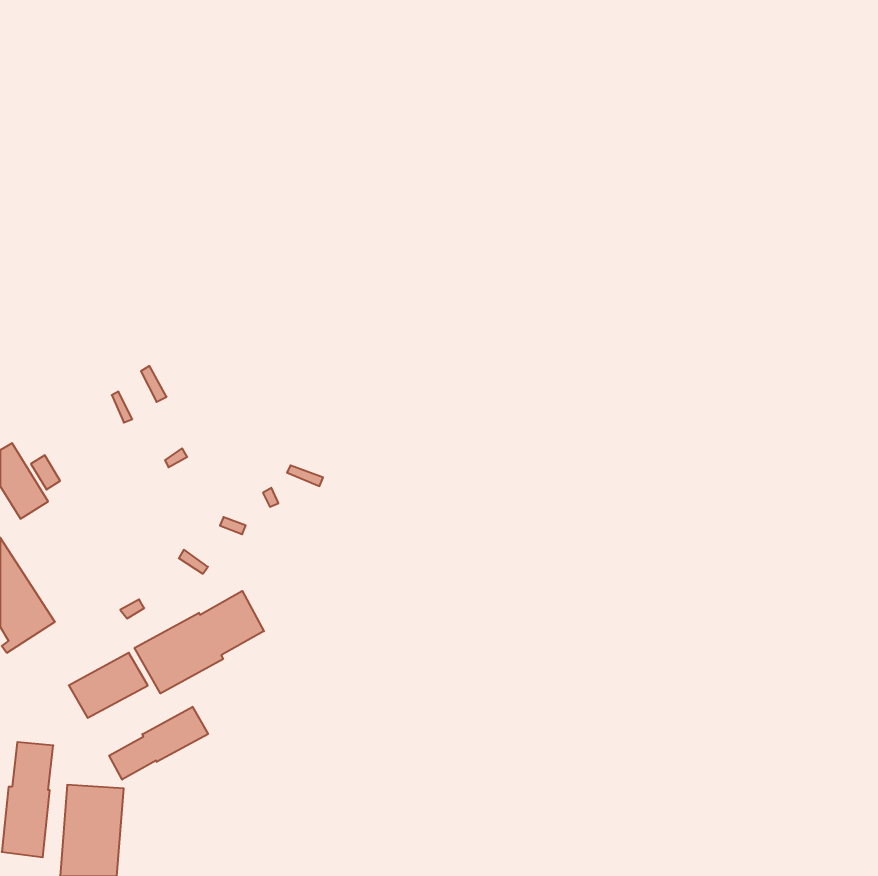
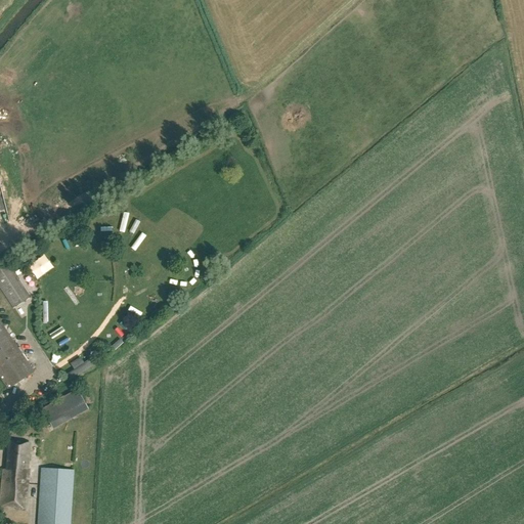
building: [135,591,264,693] -> none
building: [109,707,208,780] -> none

